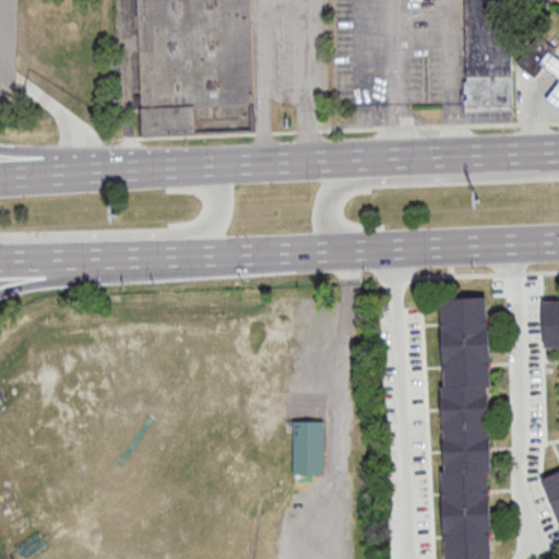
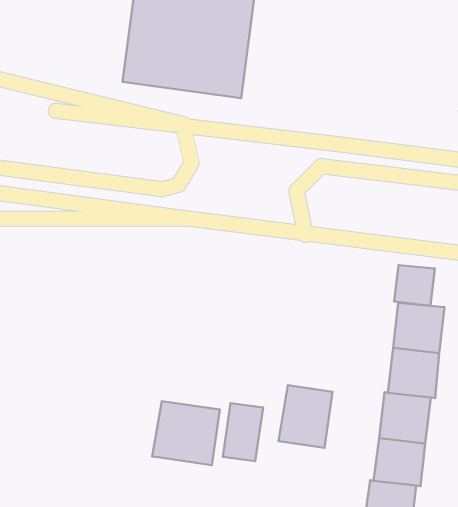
building: none -> [394,265,435,306]
building: none -> [278,385,333,448]
building: none -> [152,401,220,465]

